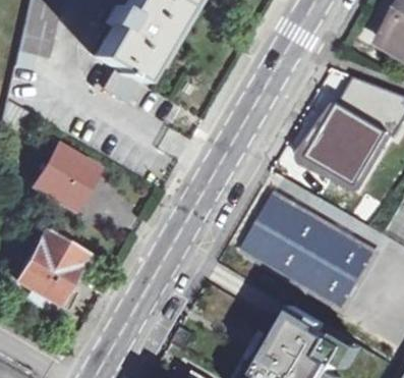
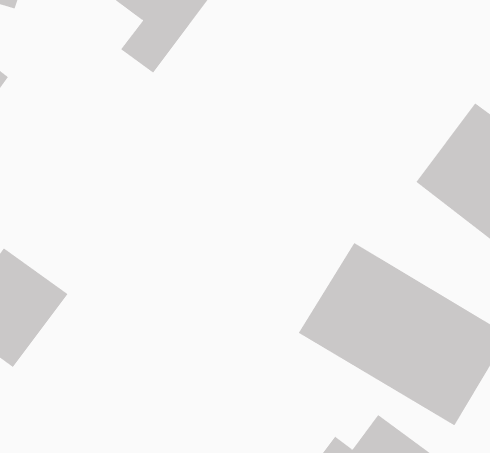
building: [42,148,98,204] -> none

